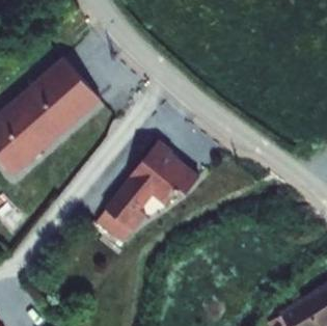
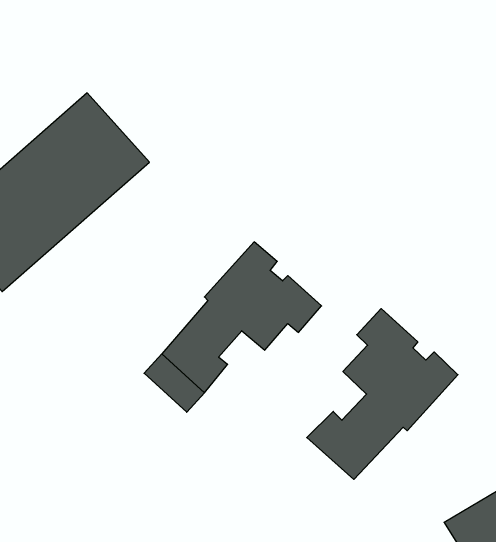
building: none -> [307,309,458,479]

